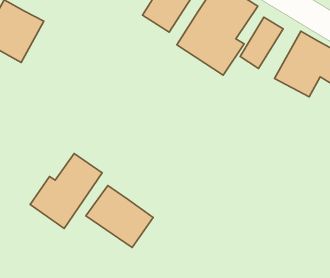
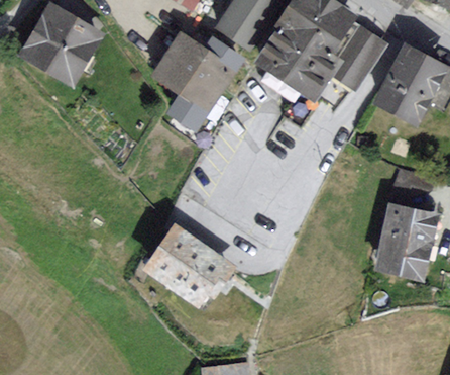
building: none -> [152,32,241,127]
building: [30,153,102,229] -> none
building: none -> [378,204,431,276]

